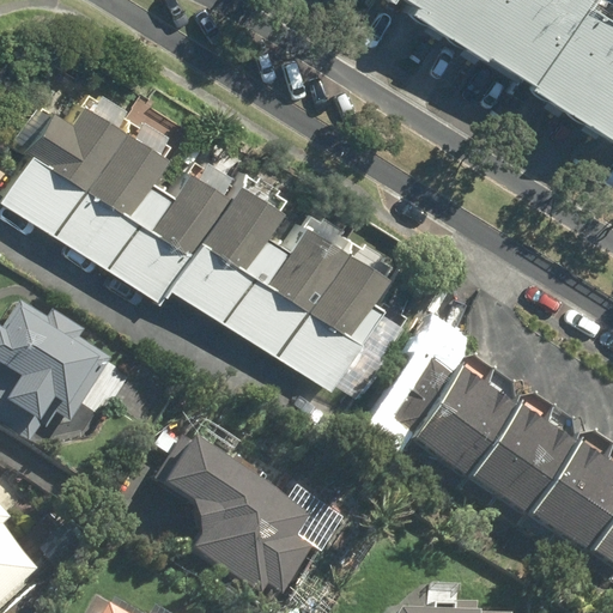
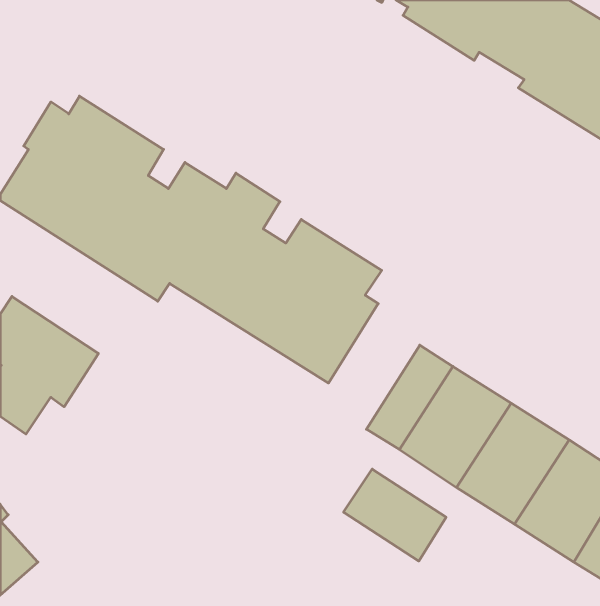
building: [160,435,317,595] -> none
building: none -> [344,469,446,561]

